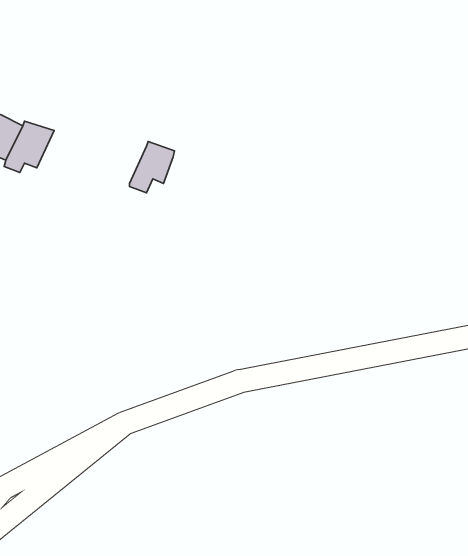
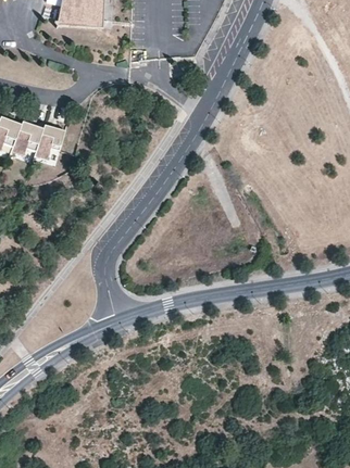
building: [129,141,175,193] -> [26,123,58,159]

